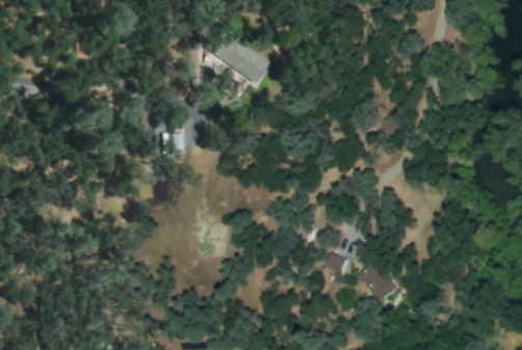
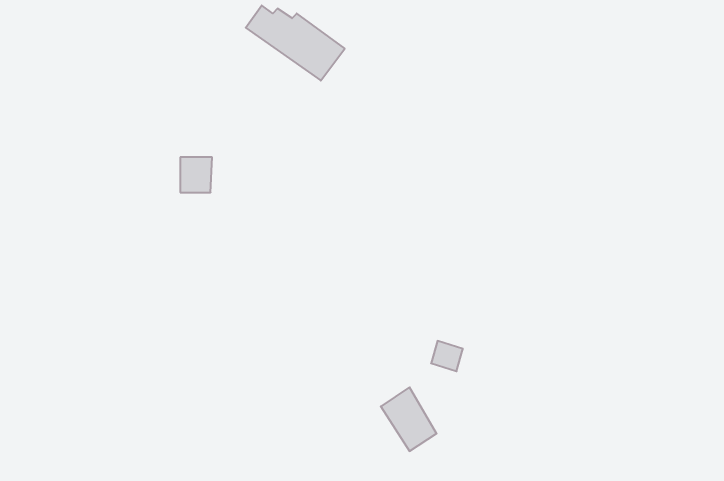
building: [360,261,396,302] -> [381,387,437,451]

